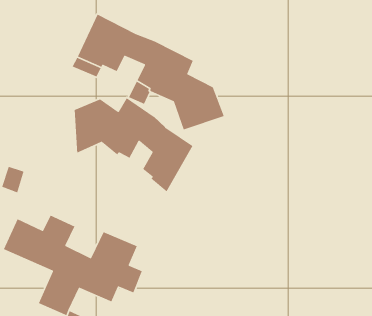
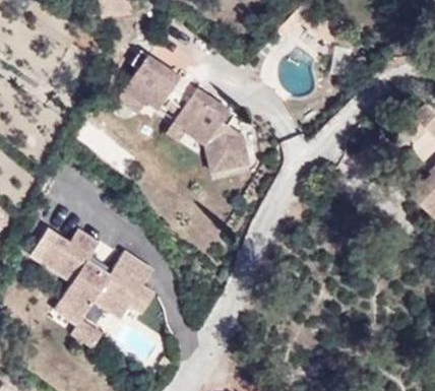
building: [74,97,193,193] -> none

